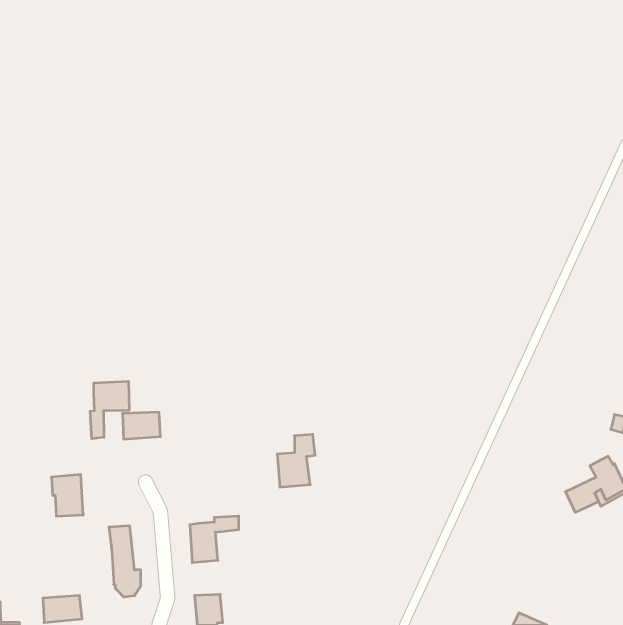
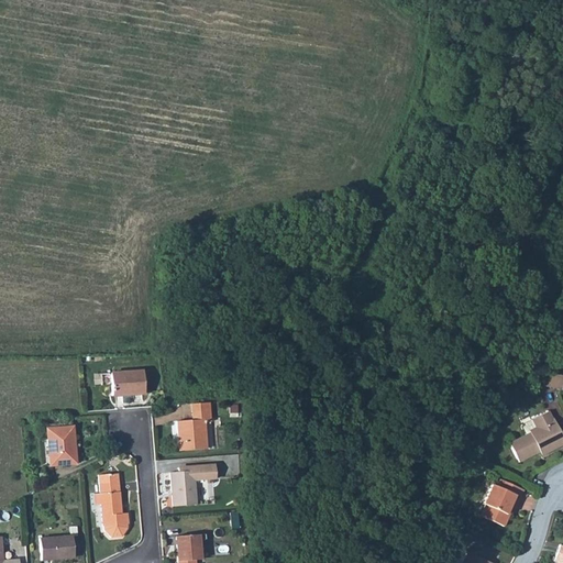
building: [90,381,129,439] -> none
building: [277,434,315,487] -> [179,402,213,450]
building: none -> [482,478,525,526]

